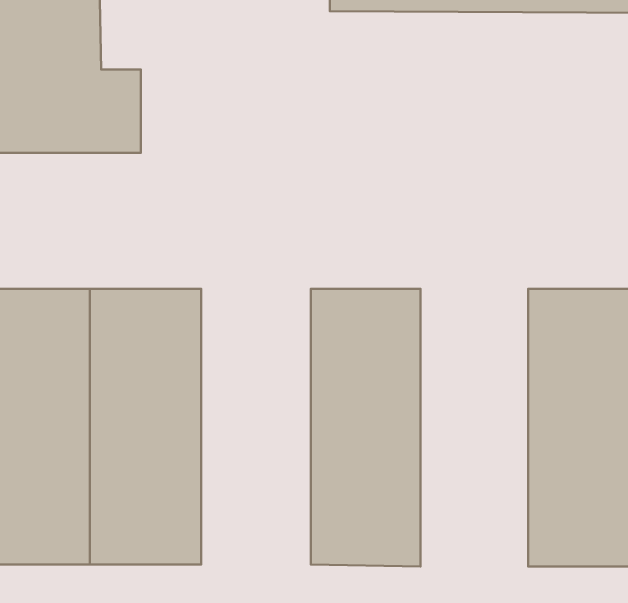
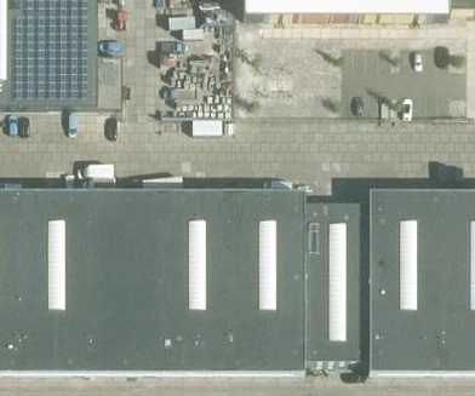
building: none -> [161,193,231,369]
building: none -> [302,202,371,360]

